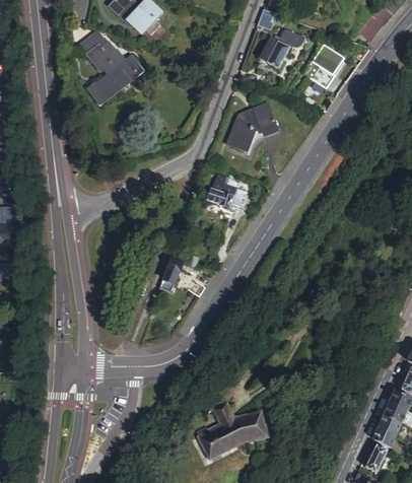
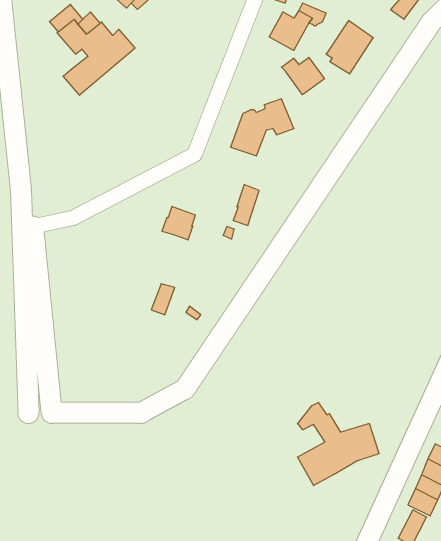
building: none -> [281,57,324,95]
building: [207,179,234,206] -> [162,206,195,240]
building: [198,386,265,454] -> [297,402,379,486]

